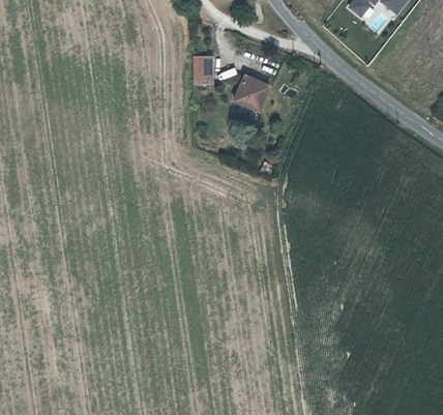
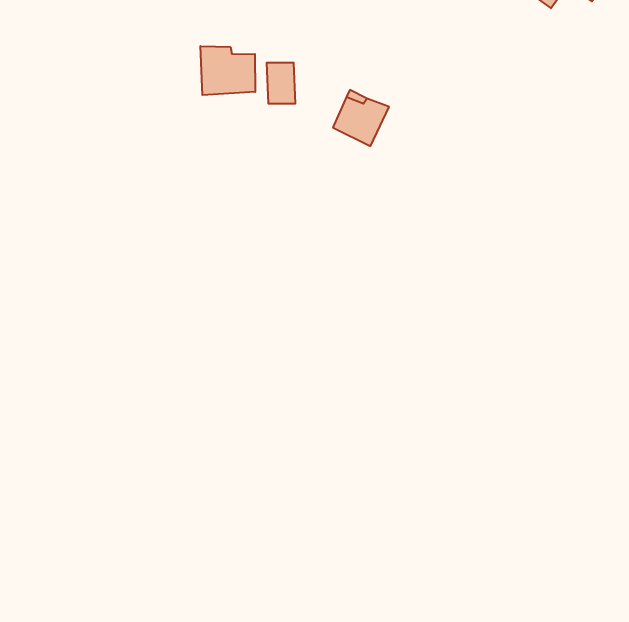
building: none -> [200,46,255,95]

